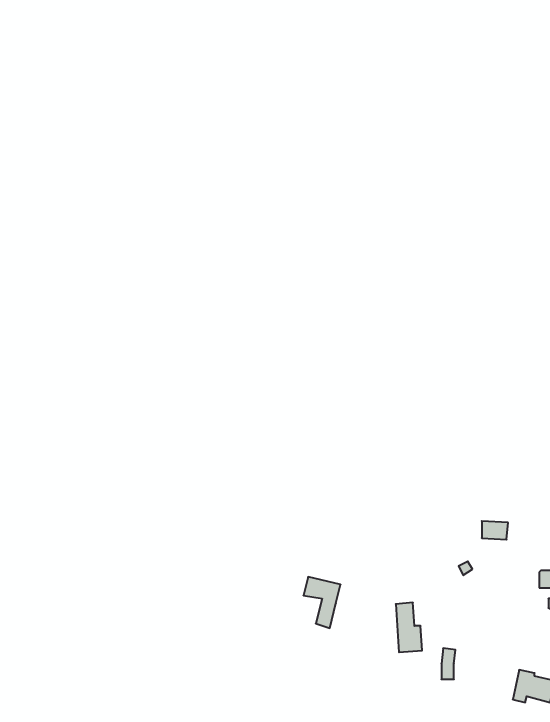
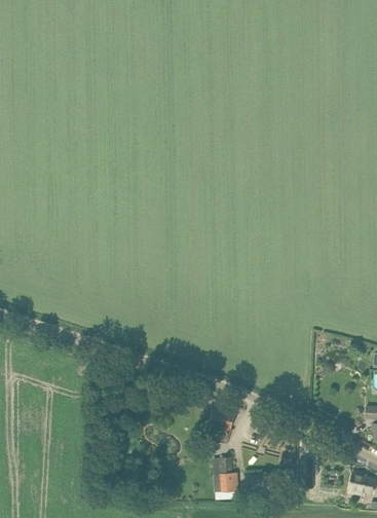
building: [396,603,422,652] -> [220,459,237,492]

